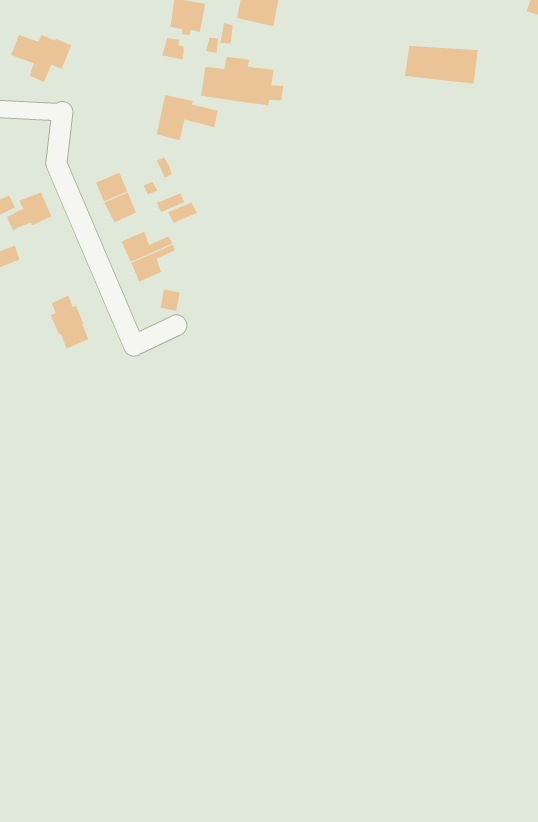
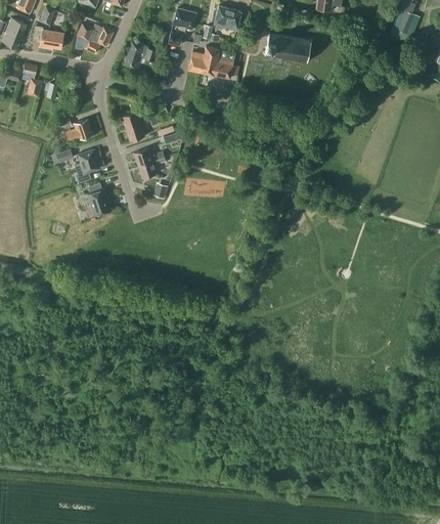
building: [404,45,478,84] -> [265,35,311,61]
building: [156,95,218,141] -> [124,41,163,70]
building: none -> [75,148,100,183]

